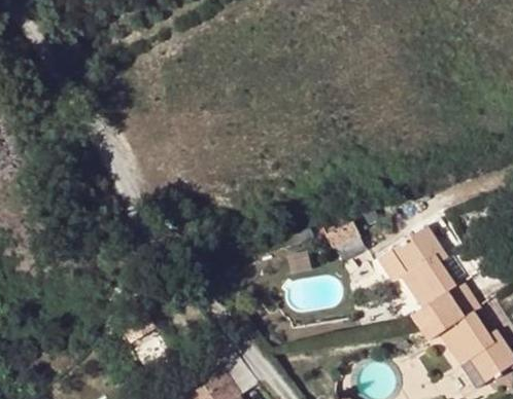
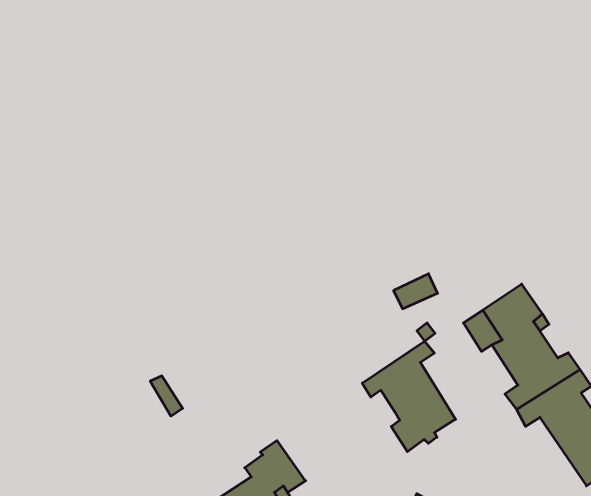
building: none -> [362,341,456,452]

